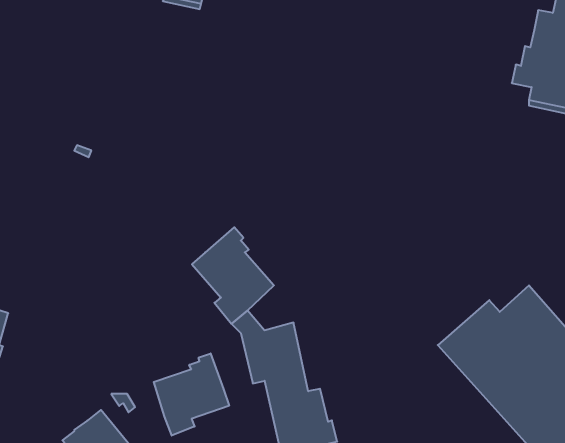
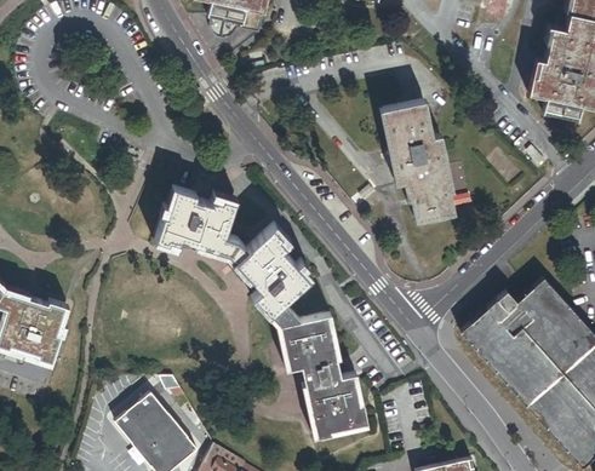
building: none -> [382,100,452,218]
building: none -> [155,186,246,259]
building: [154,353,229,436] -> none

